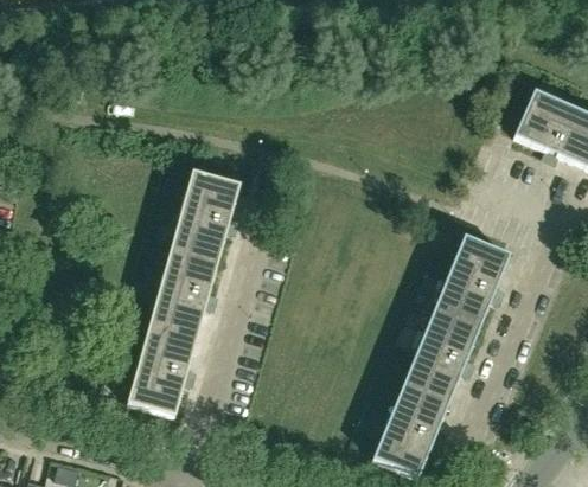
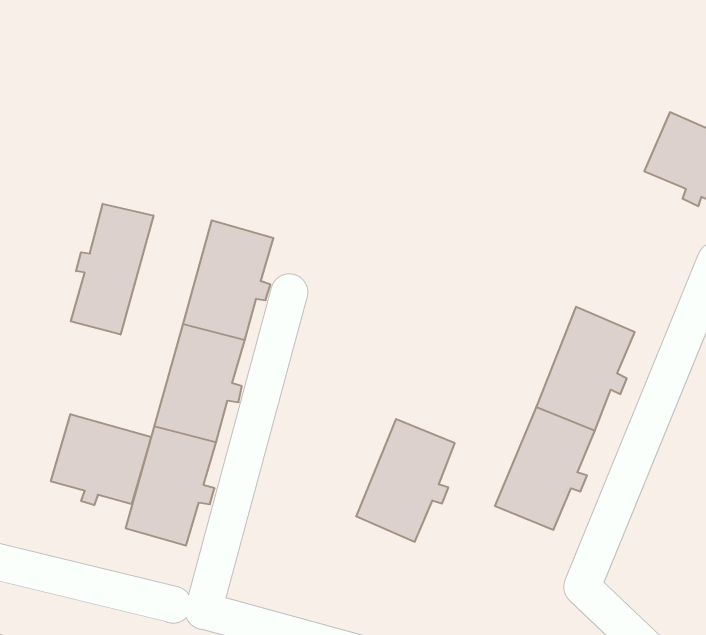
building: none -> [71,204,153,335]
building: none -> [51,414,151,505]
building: [373,386,447,478] -> [356,419,455,542]

